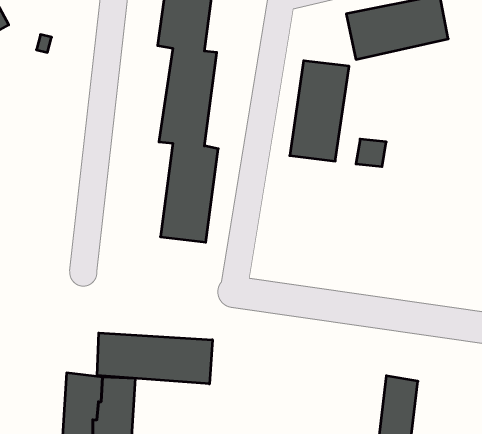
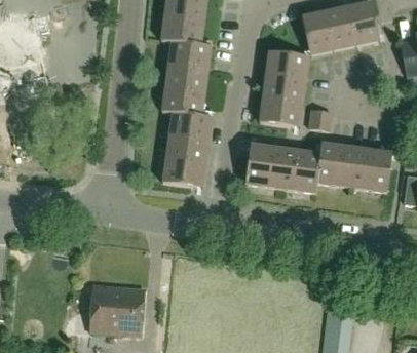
building: none -> [244,140,392,192]
building: [97,333,212,384] -> none

